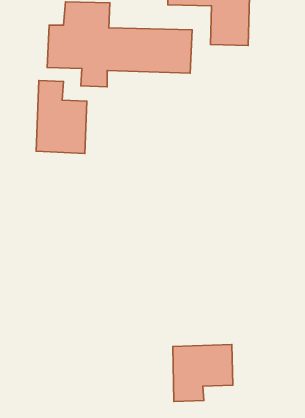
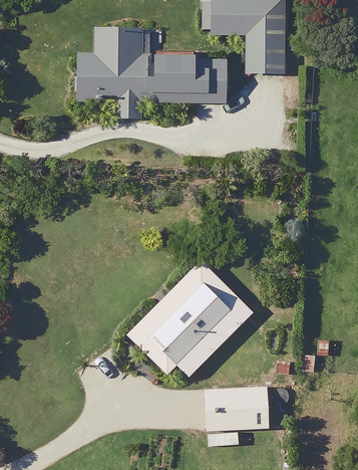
building: [36,80,87,153] -> none
building: none -> [126,259,254,377]

